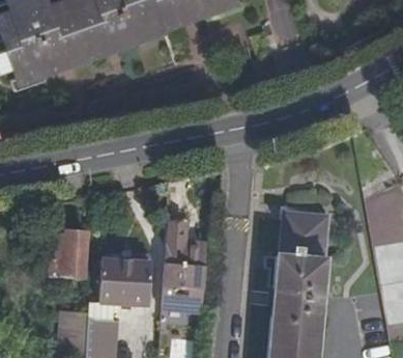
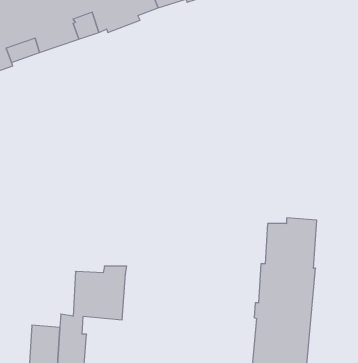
building: [163,221,205,302] -> none
building: [53,229,88,275] -> none

